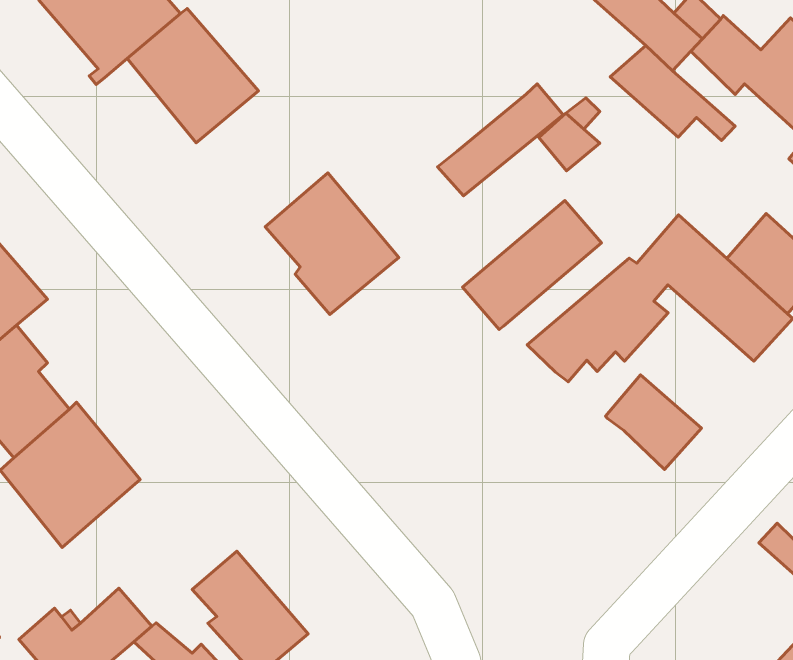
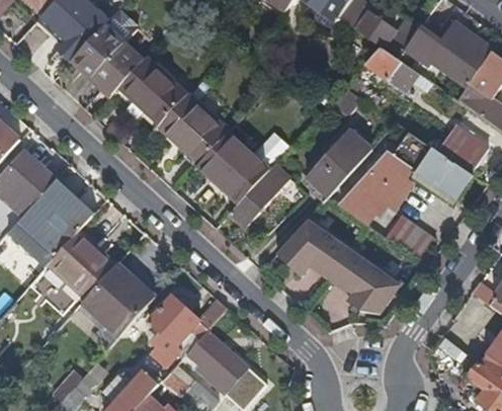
building: [437,84,563,196] -> [229,164,289,226]
building: none -> [158,94,228,163]
building: none -> [276,216,402,315]
building: none -> [149,295,226,360]

